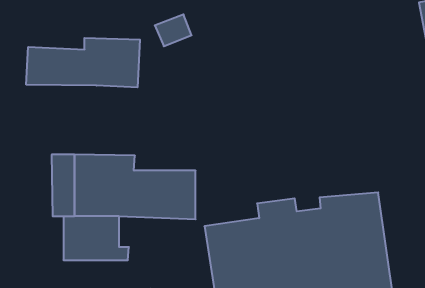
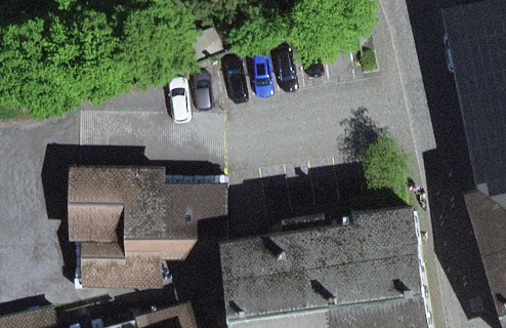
building: [26,38,140,87] -> none

